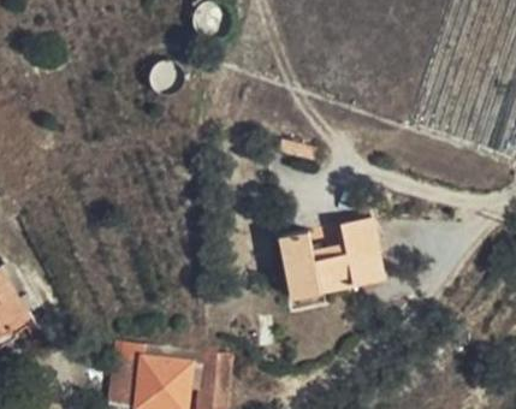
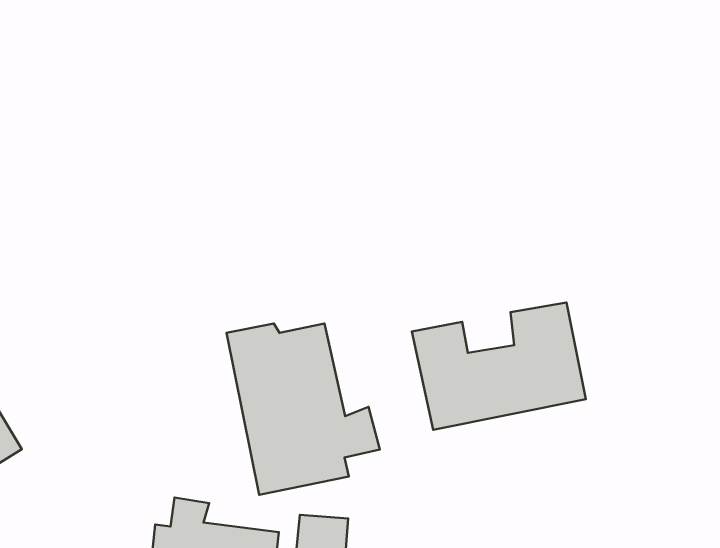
building: none -> [227,324,380,495]

